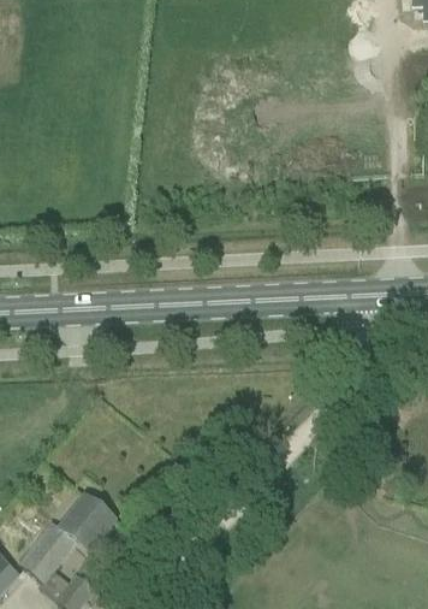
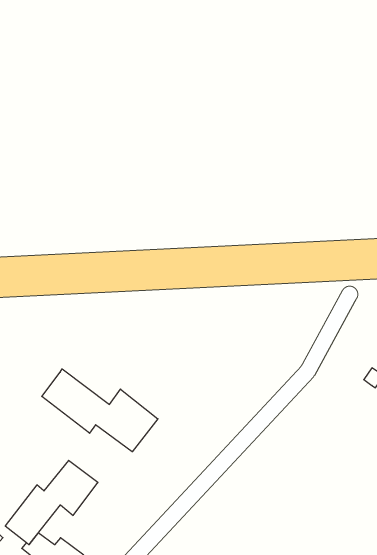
building: none -> [42,369,158,452]

